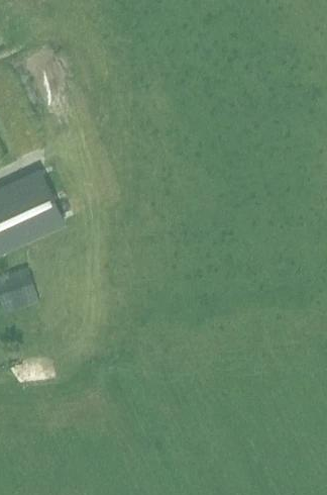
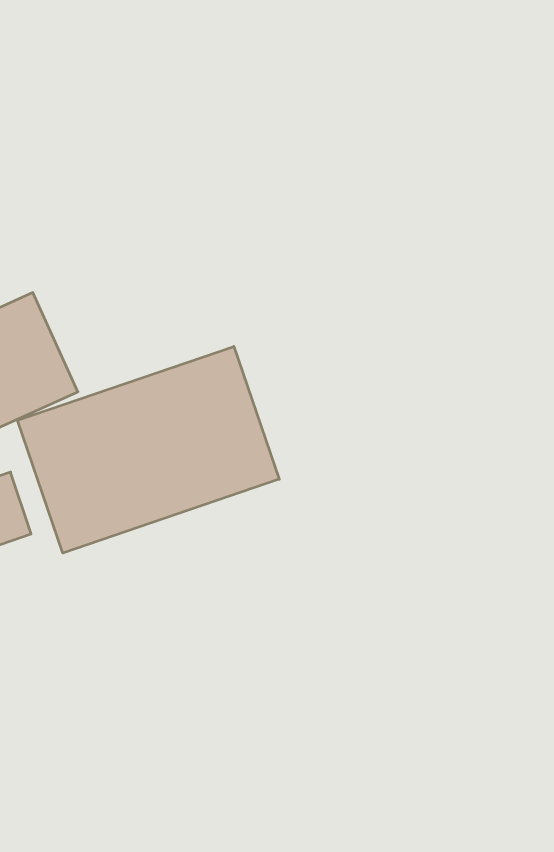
building: none -> [17,346,279,553]

